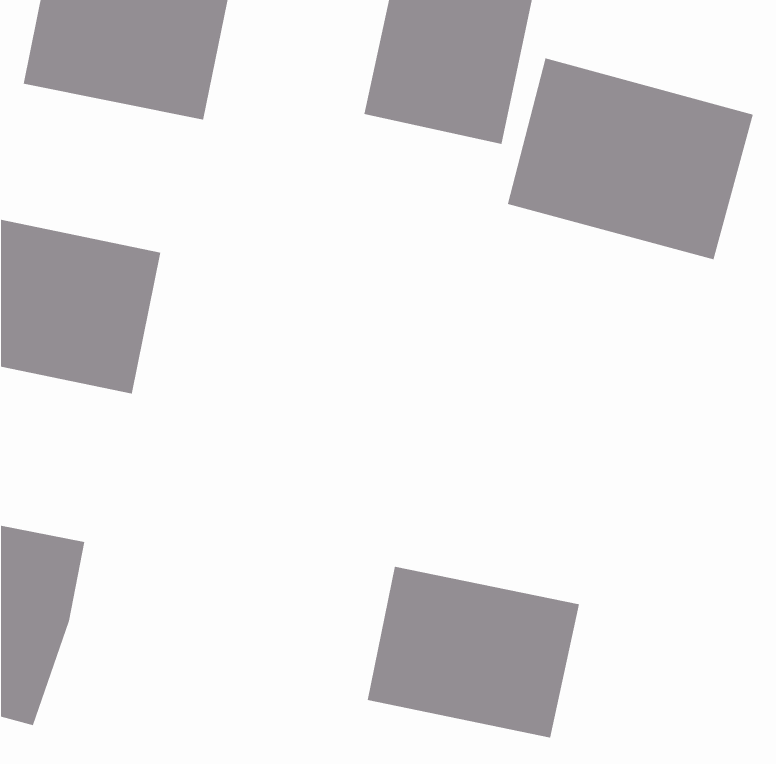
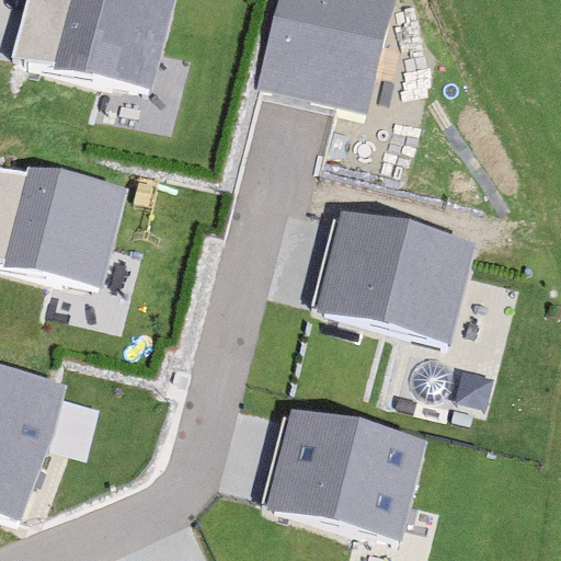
building: [507,58,754,260] -> none
building: none -> [310,213,478,347]

